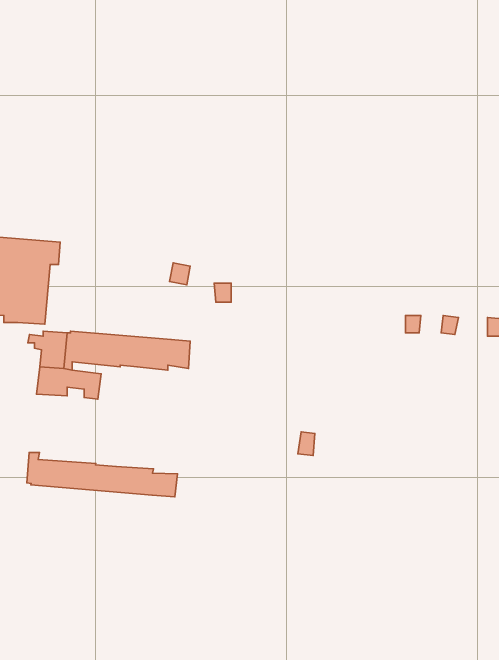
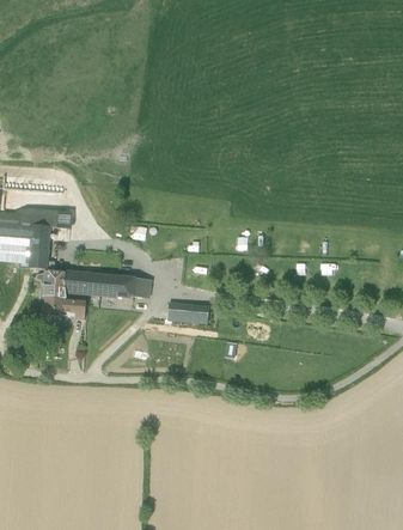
building: none -> [169,301,207,321]
building: [27,452,178,497] -> none

